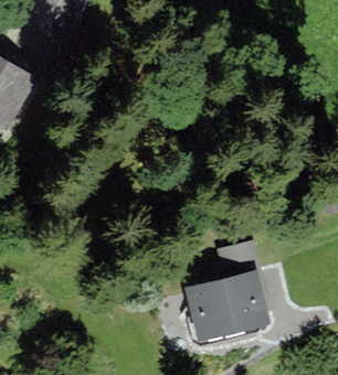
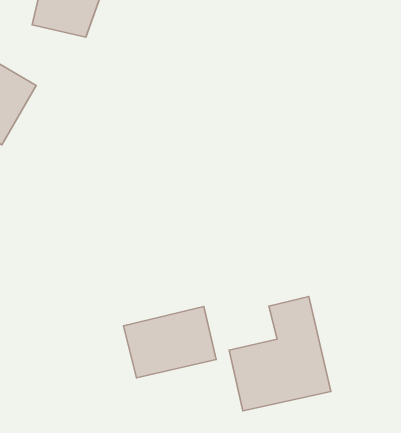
building: none -> [124,306,216,378]

